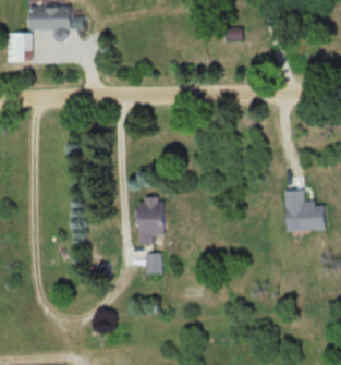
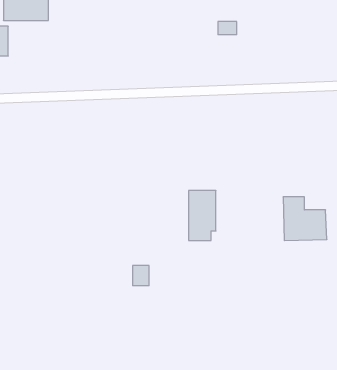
building: [137,198,162,244] -> [189,191,216,240]

